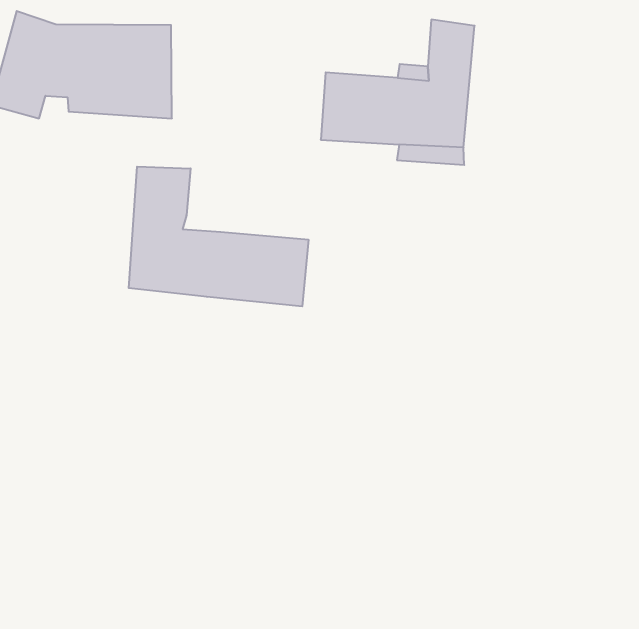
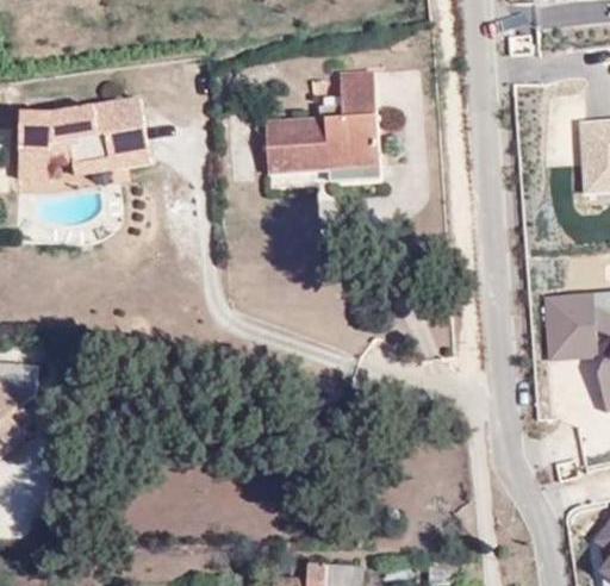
building: [129,167,308,306] -> none

